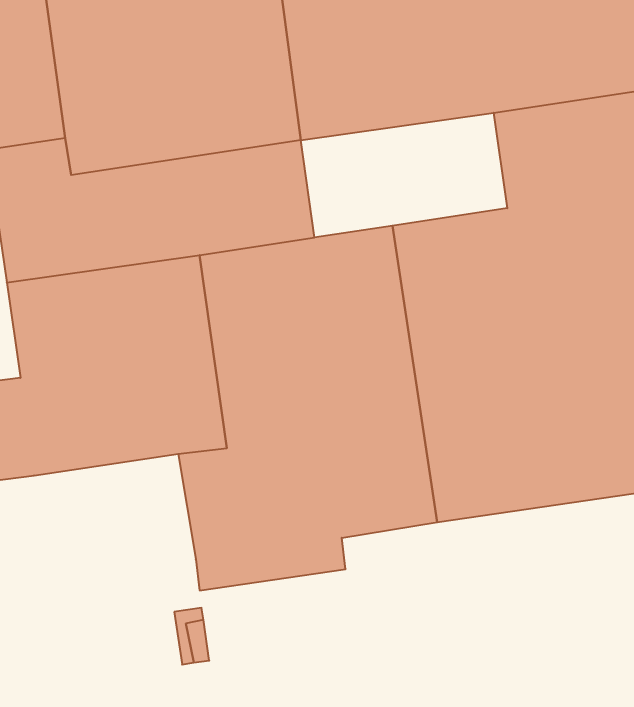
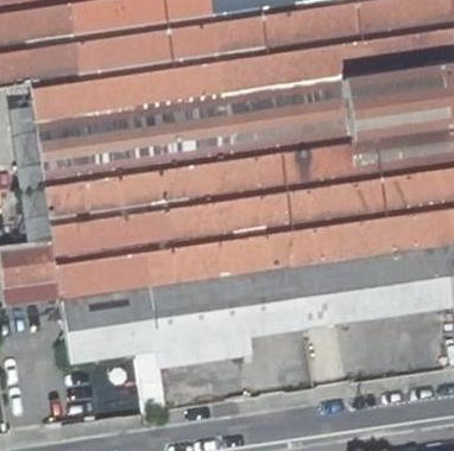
building: none -> [225,77,351,153]
building: none -> [62,285,160,362]

